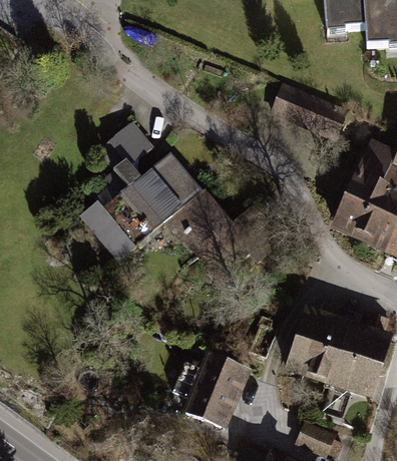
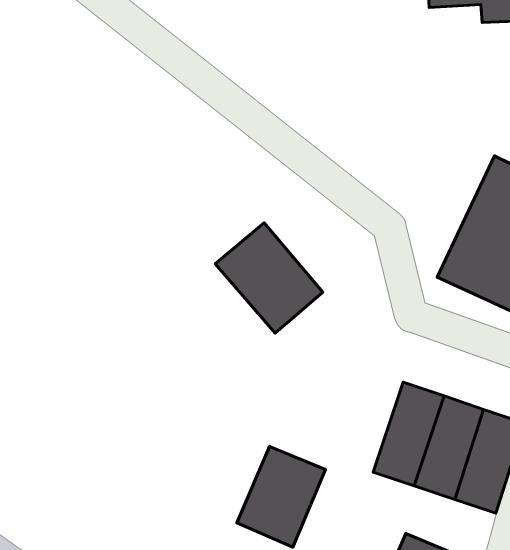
building: [273,85,347,134] -> none
building: [81,123,203,261] -> none

